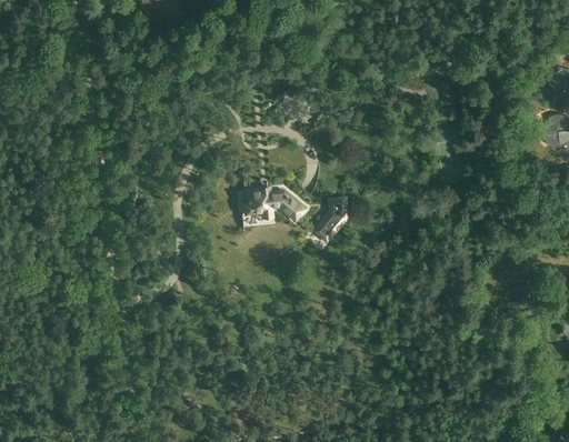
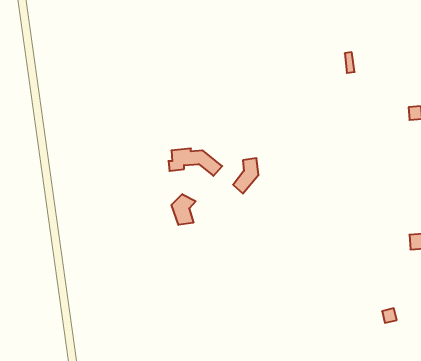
building: none -> [171,194,196,225]

